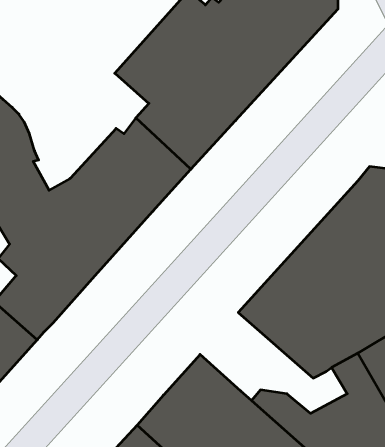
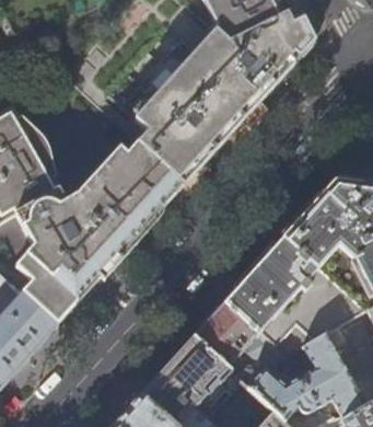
building: none -> [194,300,300,366]

